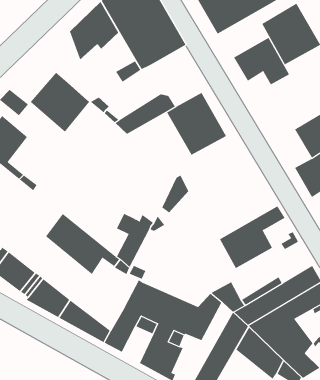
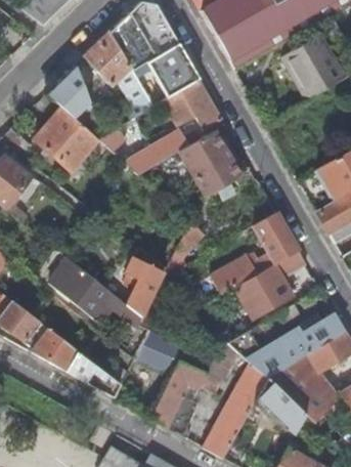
building: none -> [46,65,91,119]
building: [233,37,290,85] -> [163,79,223,130]
building: none -> [209,212,298,295]

